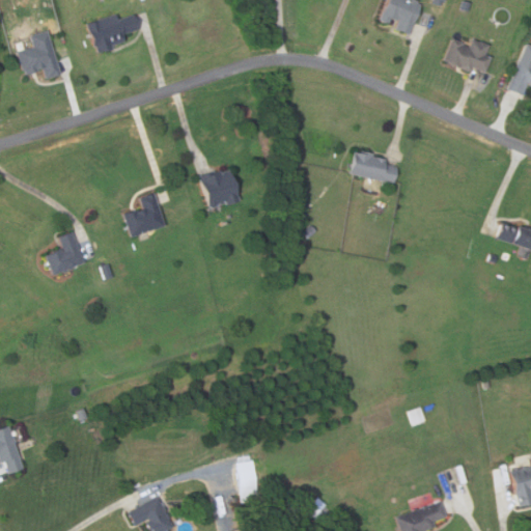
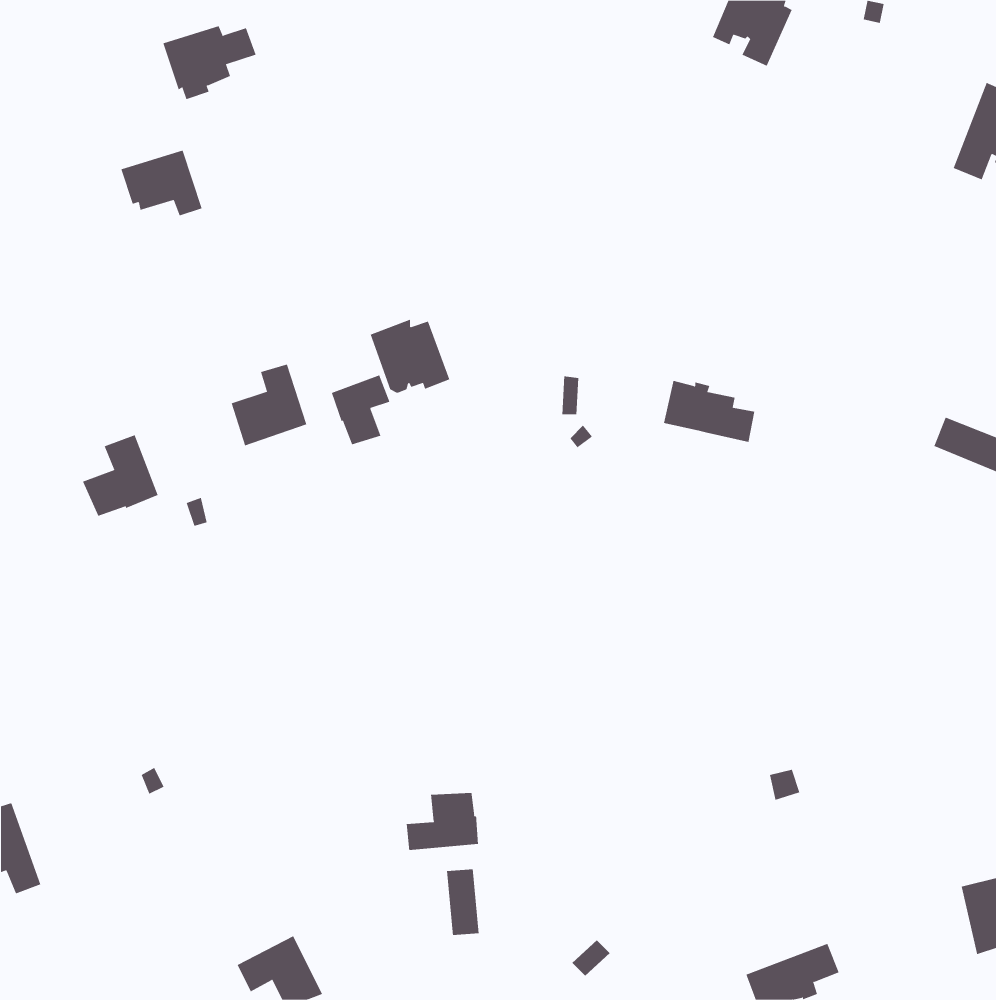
building: [443,37,493,72] -> none
building: [17,41,60,77] -> [120,150,203,216]
building: [350,150,398,184] -> [663,380,755,443]
building: none -> [331,375,390,445]
building: none -> [406,792,478,851]

